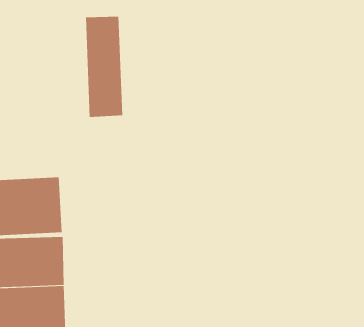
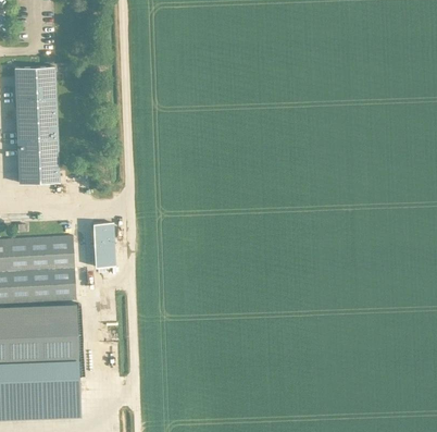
building: [85,16,123,117] -> [14,66,58,183]
building: none -> [92,222,114,267]

